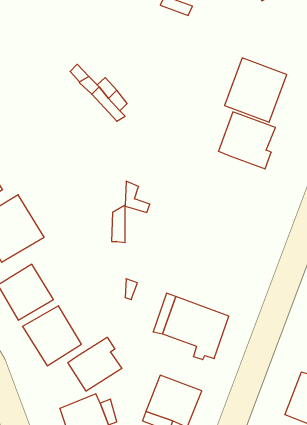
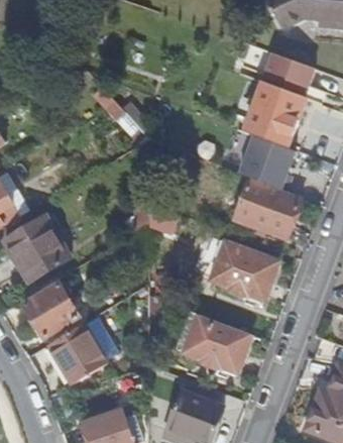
building: none -> [262,52,314,98]
building: none -> [234,178,301,238]
building: none -> [213,243,276,301]
building: [68,337,122,391] -> none

